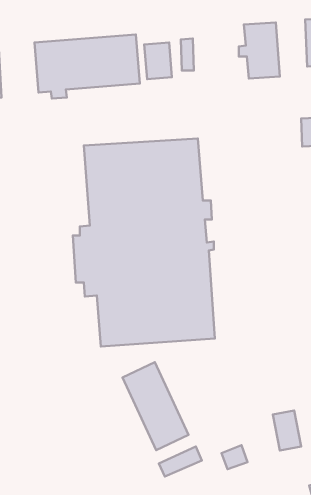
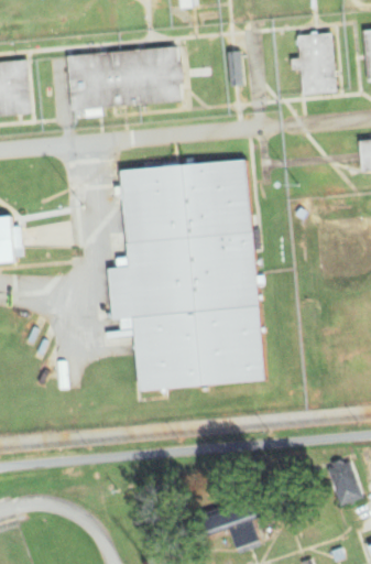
building: [144,42,172,79] -> none
building: [123,362,188,450] -> none
building: [221,445,247,469] -> [229,521,258,547]

